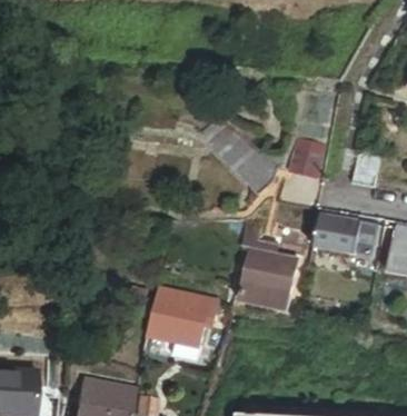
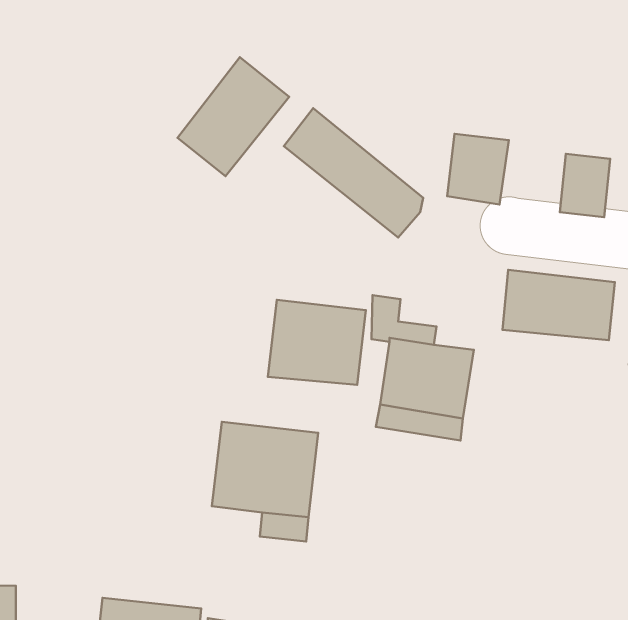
building: none -> [177,57,289,176]
building: none -> [268,300,366,385]

